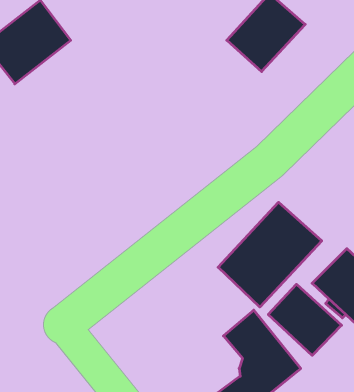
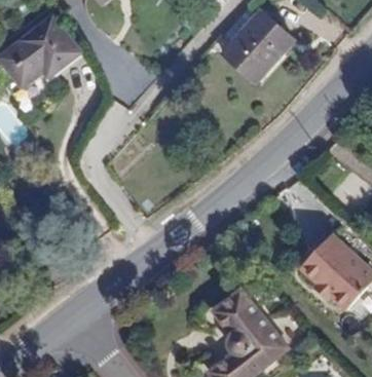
building: [218,202,322,307] -> none
building: [268,284,342,355] -> none

